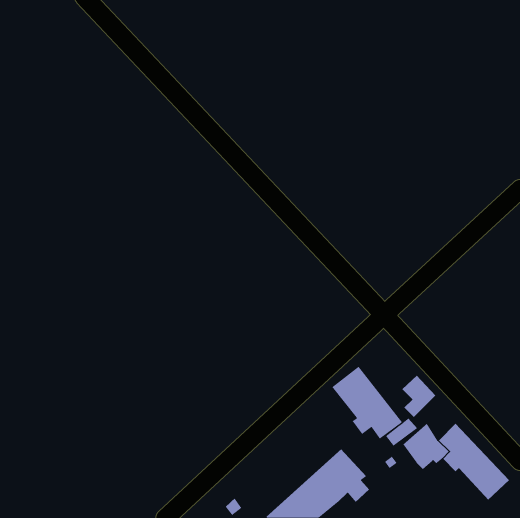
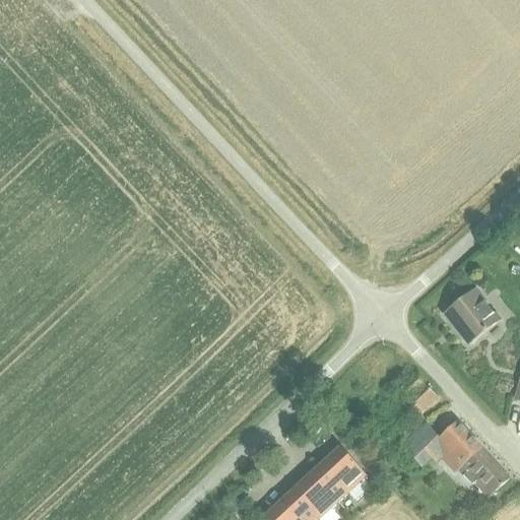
building: none -> [444,288,498,341]
building: [331,366,403,440] -> none

